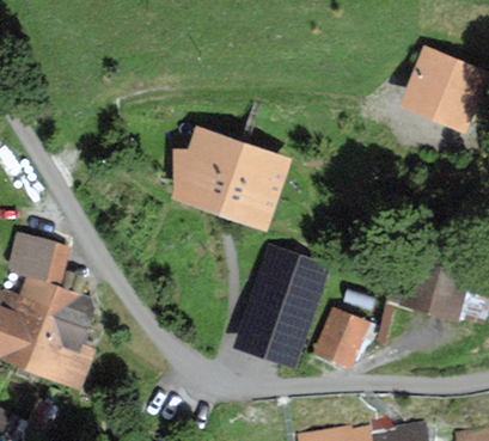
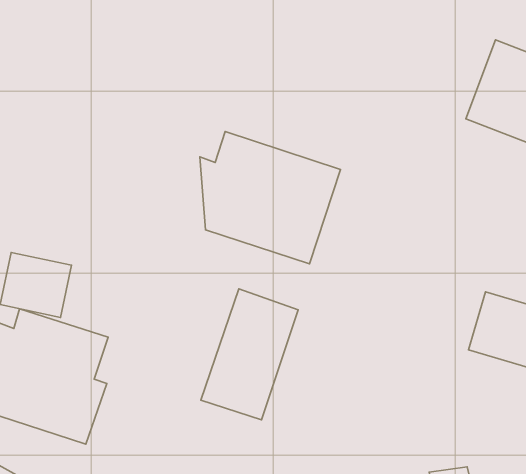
building: [240,258,323,369] -> [201,289,298,420]
building: [312,306,369,368] -> none

